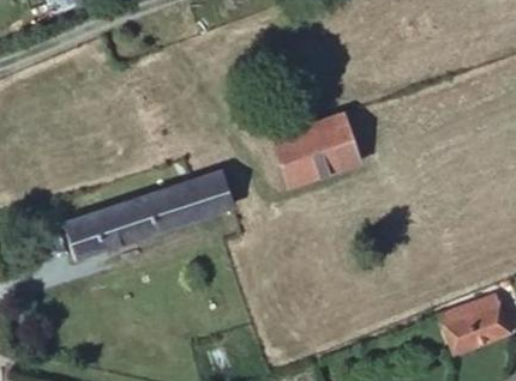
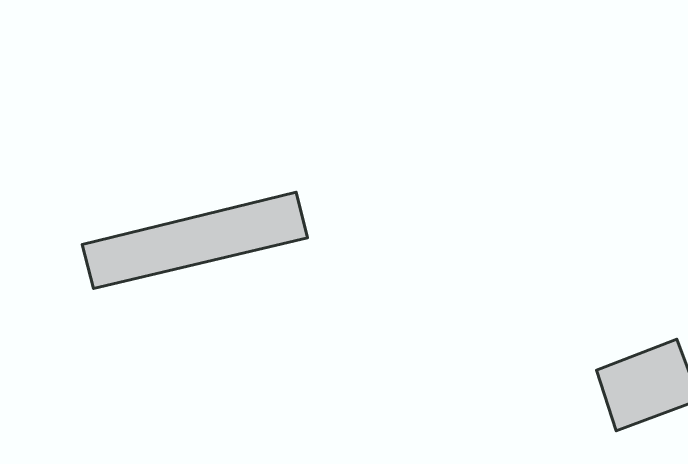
building: [276,116,360,185] -> none

